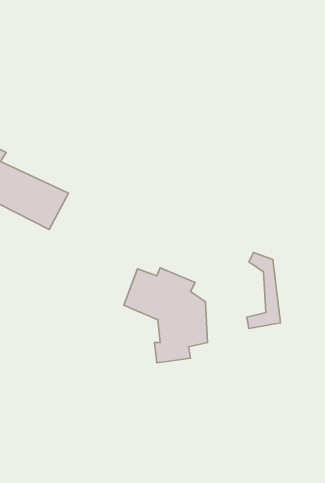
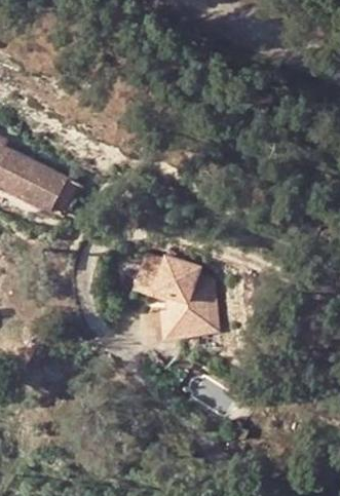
building: [247,253,281,328] -> [185,265,216,334]

